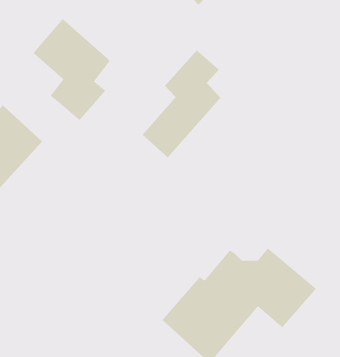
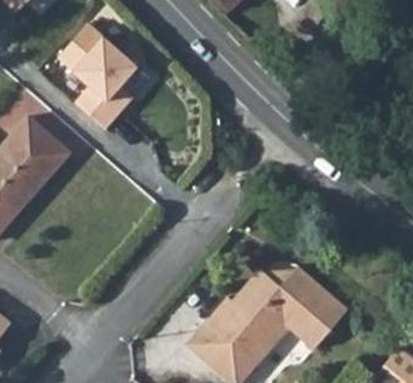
building: [142,49,221,158] -> none

